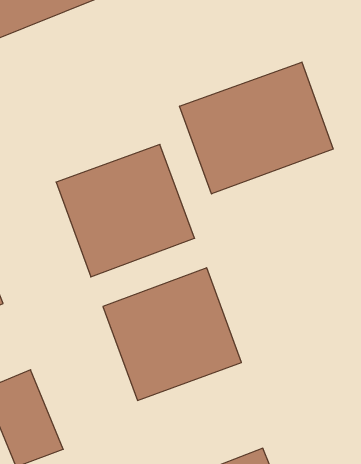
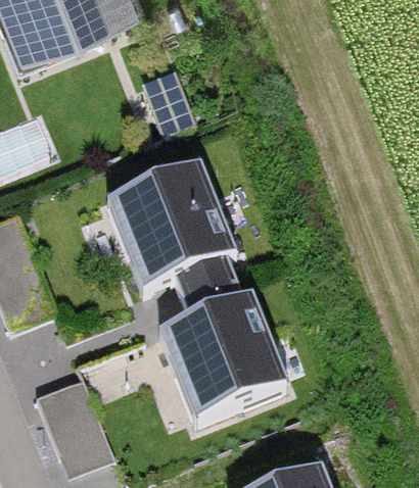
building: [180,62,333,194] -> none

